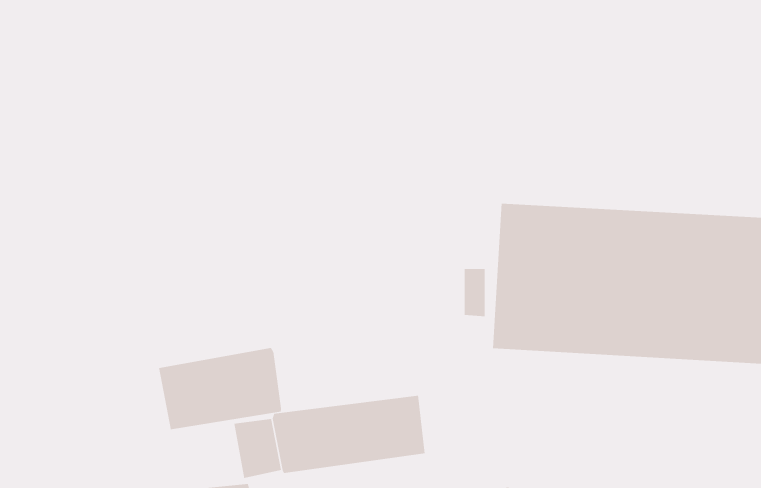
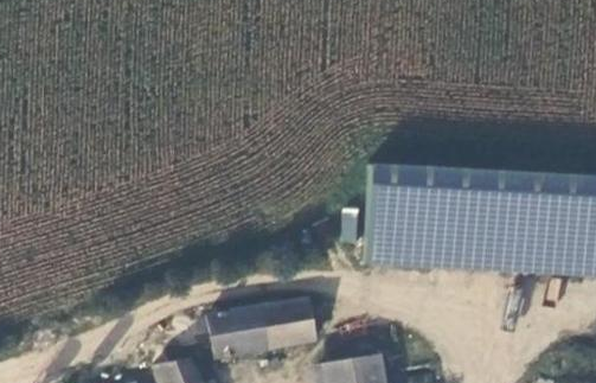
building: [159,347,282,430] -> none

